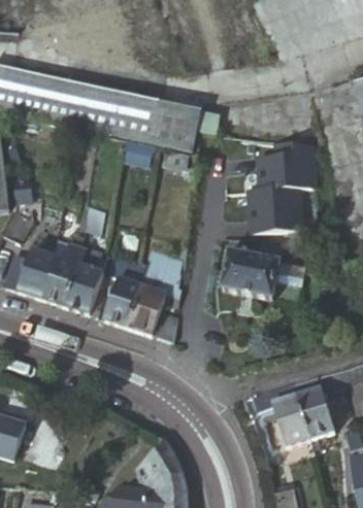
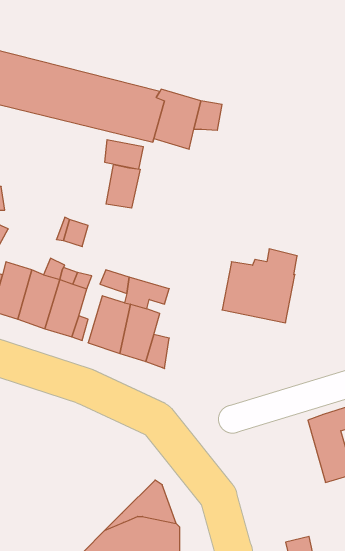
building: [250,141,318,230] -> none
building: none -> [106,165,140,208]
building: [255,390,311,452] -> none

